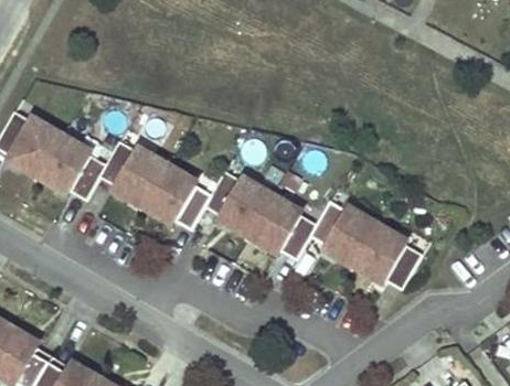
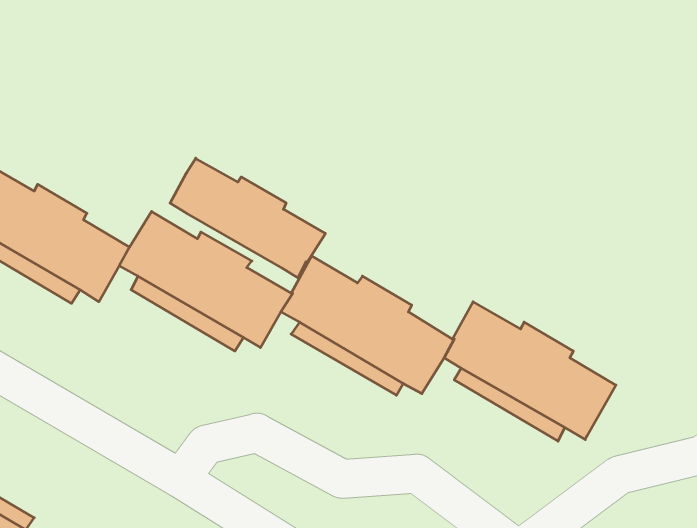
building: none -> [170,158,325,278]

